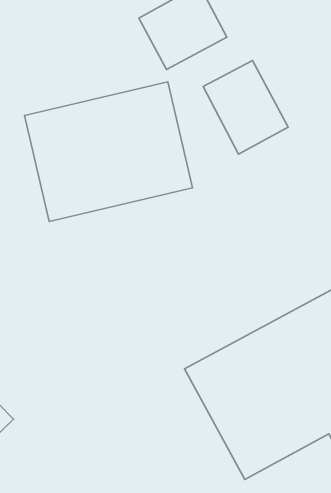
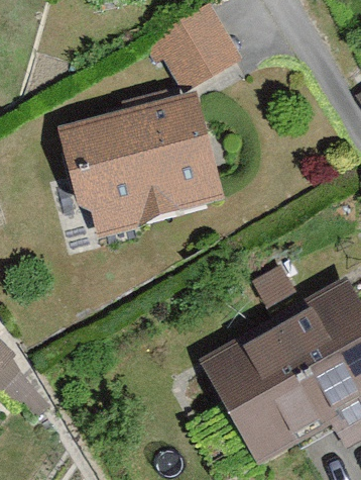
building: [203,60,288,154] -> none

